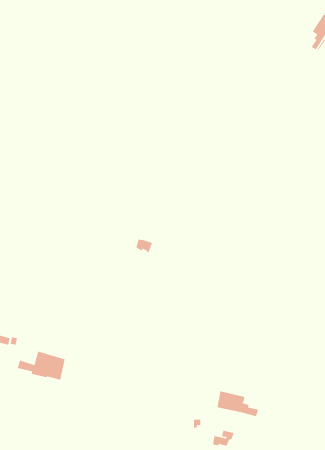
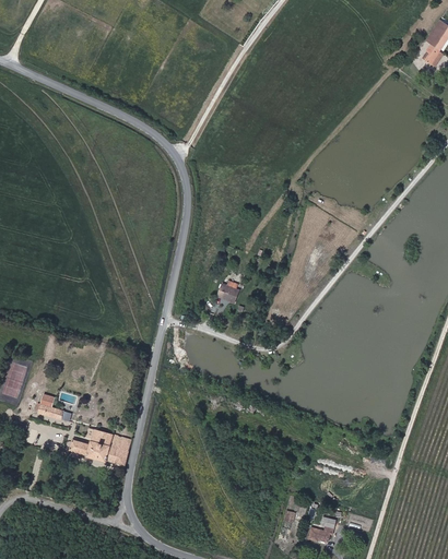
building: [217,391,258,417] -> none

